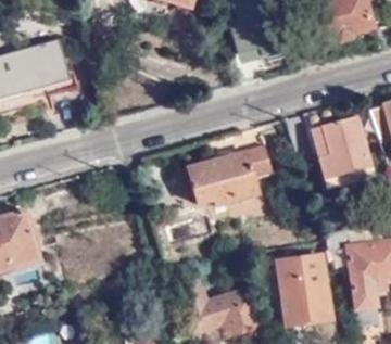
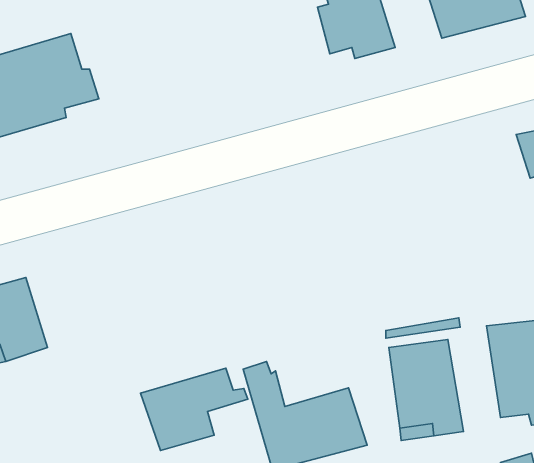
building: [312,117,374,188] -> none
building: [188,125,270,203] -> none
building: none -> [140,368,248,451]

